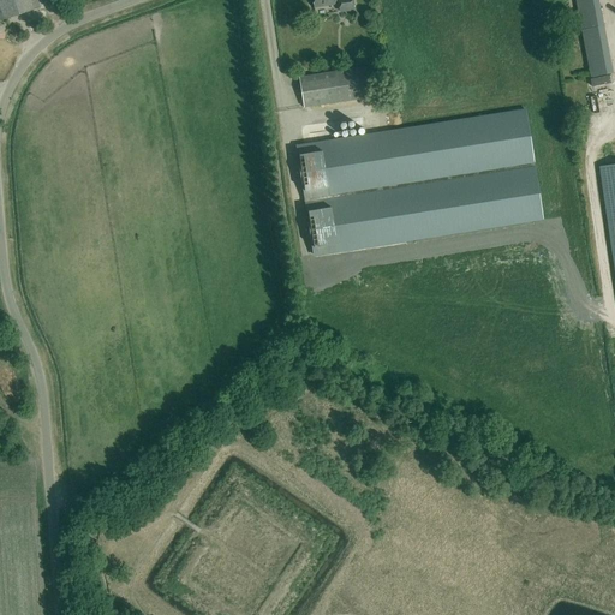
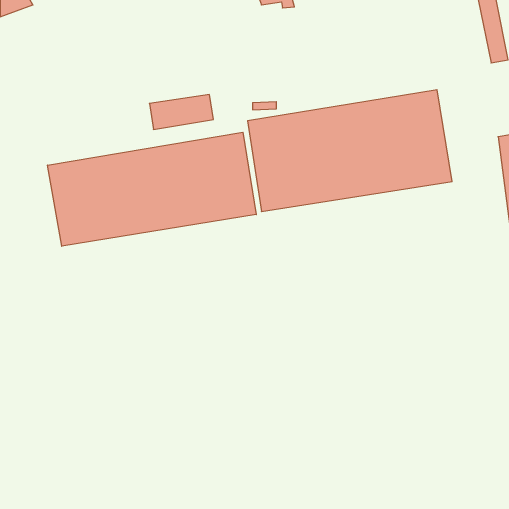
building: [300,65,377,107] -> [149,95,213,129]
building: none -> [48,132,256,246]

